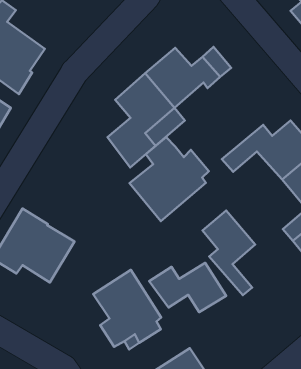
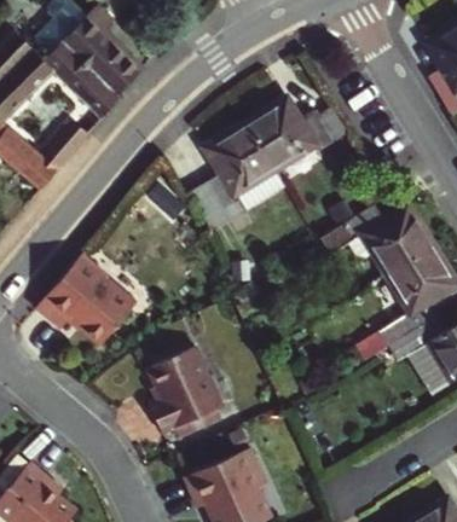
building: [130,137,209,221] -> none
building: [203,210,255,295] -> none
building: [149,263,226,312] -> none

